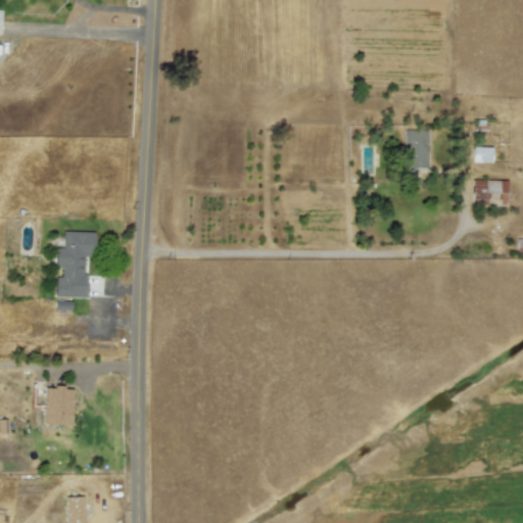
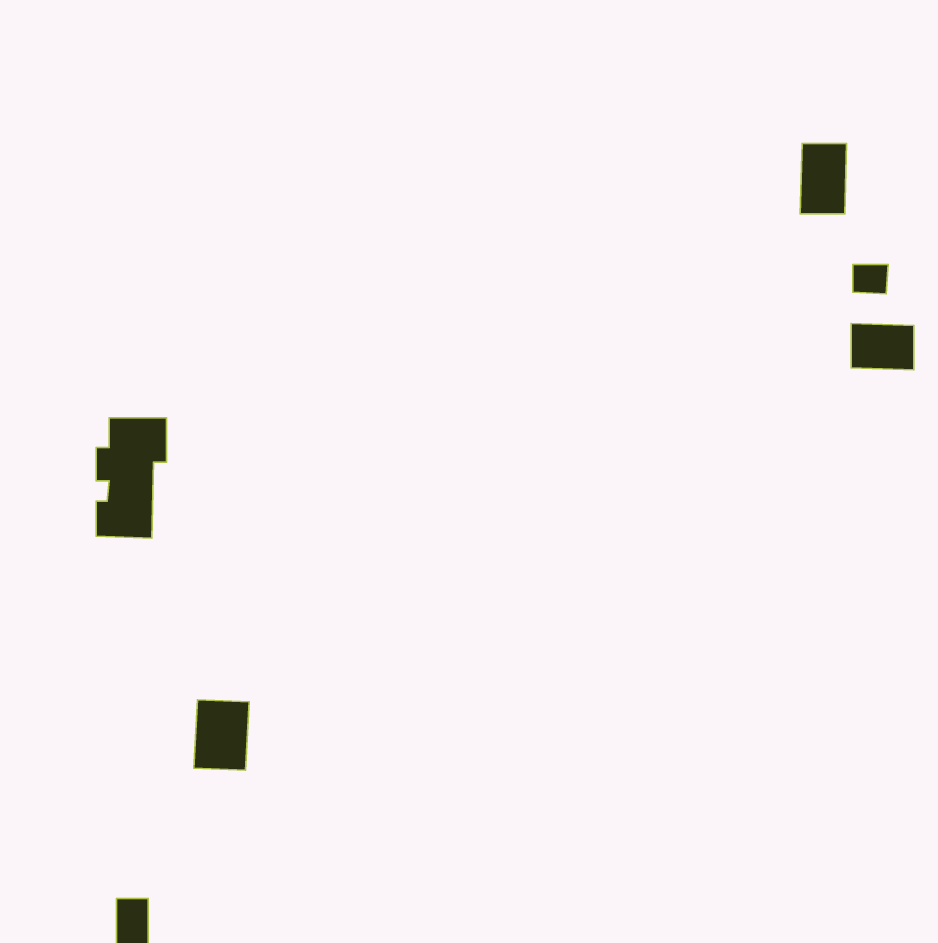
building: [406,131,431,170] -> [800,144,847,214]
building: [45,387,76,426] -> [194,700,249,770]

